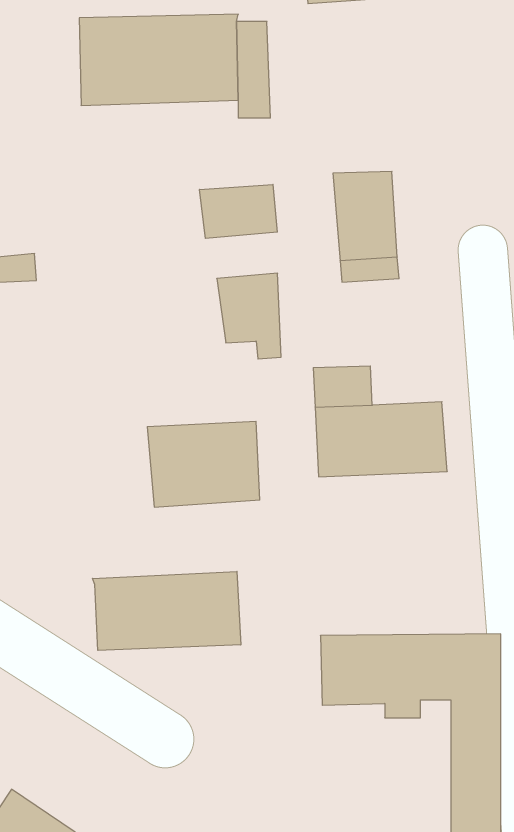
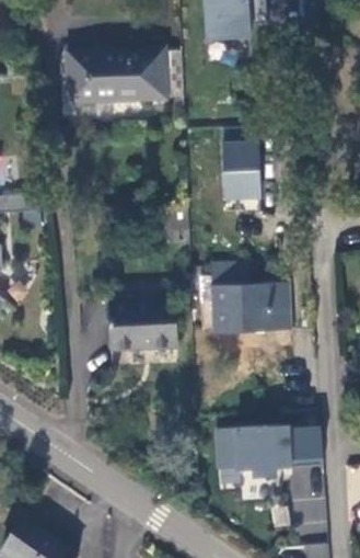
building: [200,184,277,238] -> none
building: [93,571,241,650] -> none

